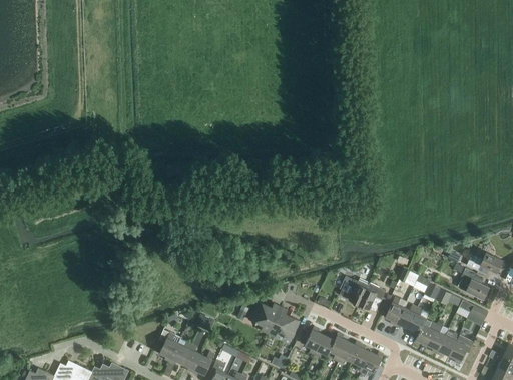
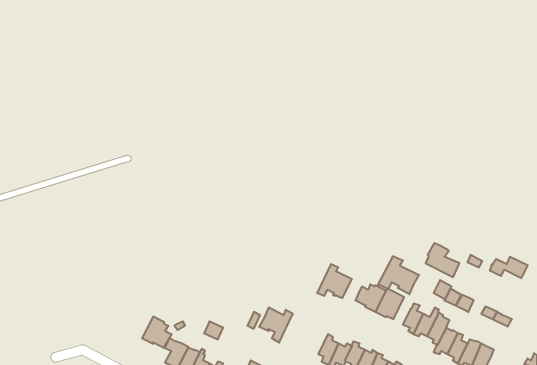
building: none -> [378,256,419,294]
building: [458,268,490,300] -> [426,243,459,277]
building: [268,307,301,339] -> [317,264,352,298]
building: none -> [142,316,171,348]

